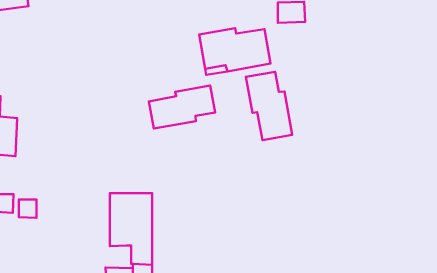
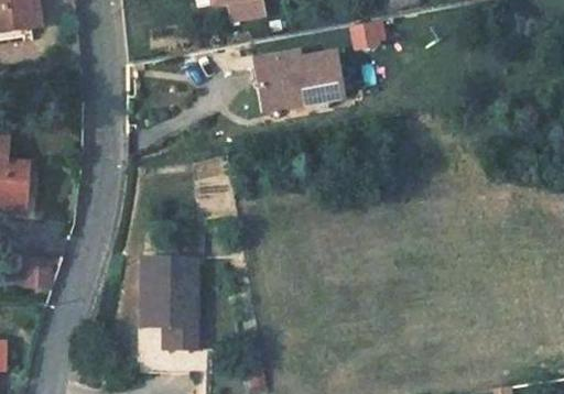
building: [246,72,292,140] -> none
building: [149,85,215,128] -> none

